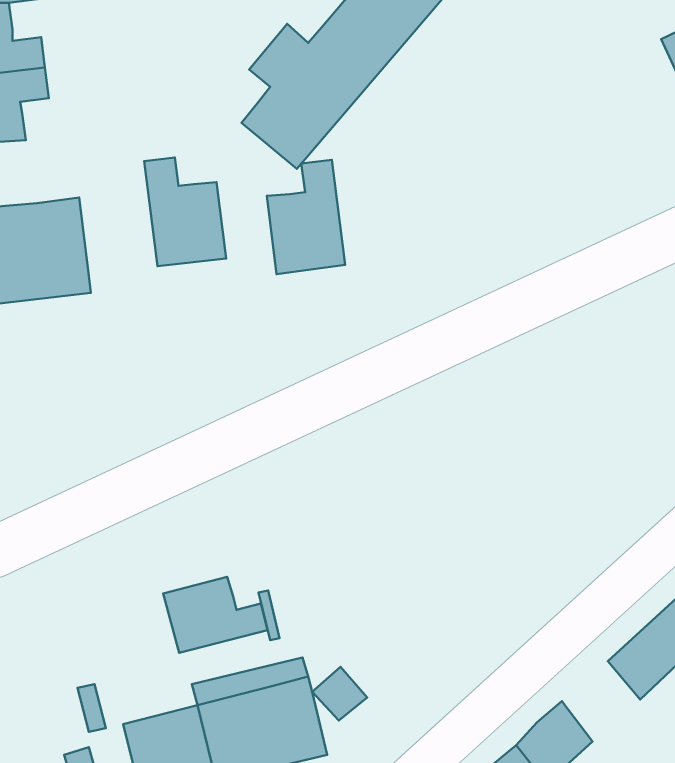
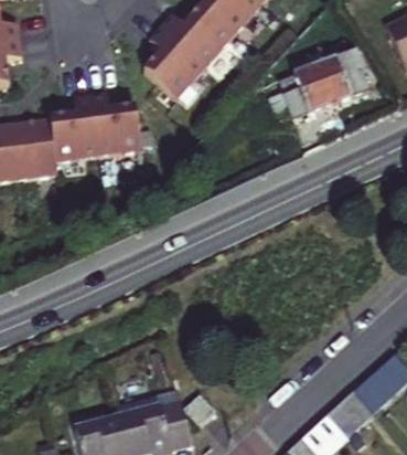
building: none -> [277,46,371,118]
building: [267,160,345,274] -> [50,99,95,166]
building: [163,577,268,653] -> none
building: none -> [329,389,374,435]

